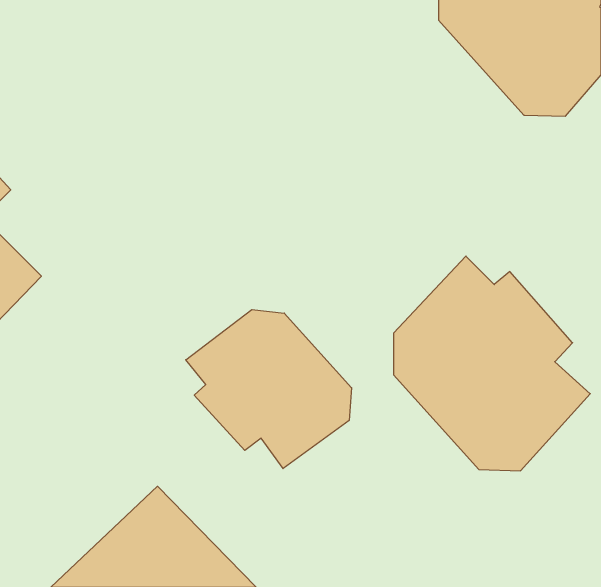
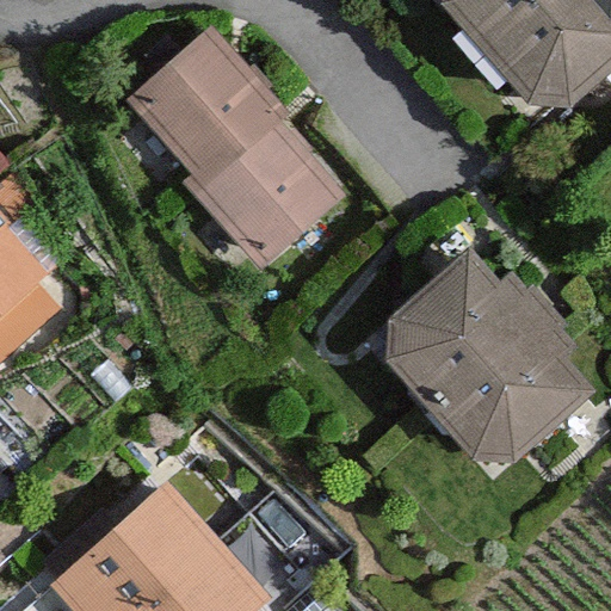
building: none -> [129,32,345,276]
building: [186,310,352,469] -> none

